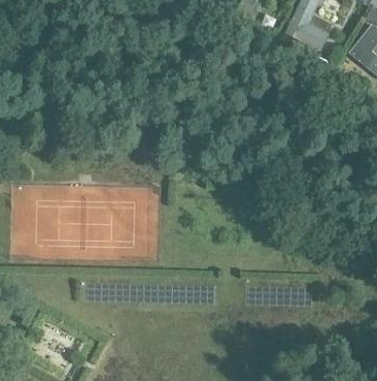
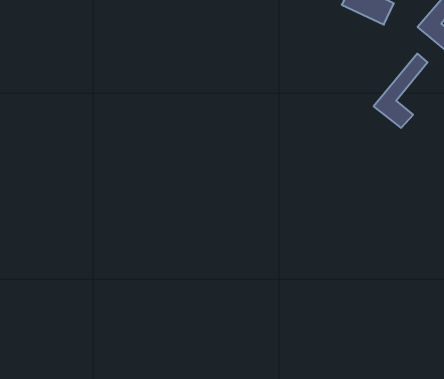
building: none -> [374,54,428,128]

